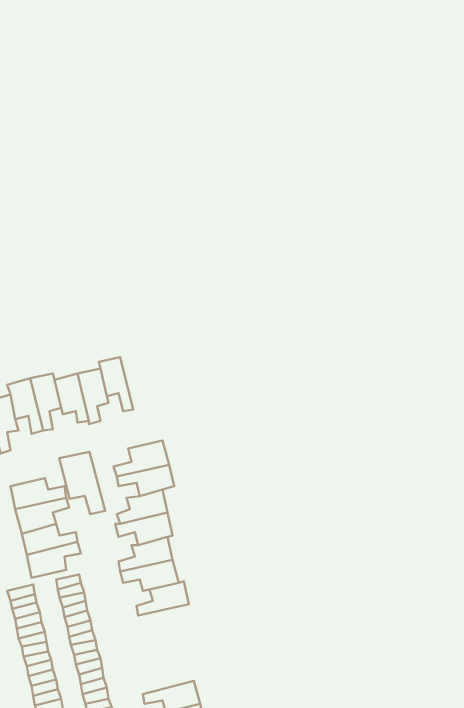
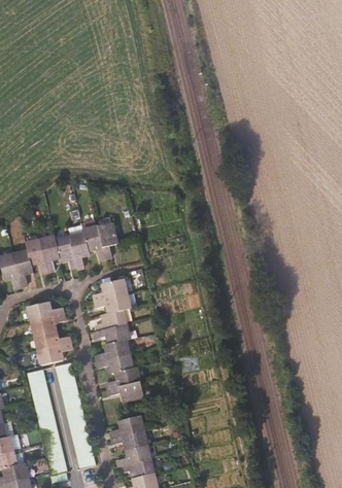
building: none -> [97,222,117,258]
building: [59,452,105,514] -> none
building: none -> [108,381,144,402]
building: none -> [109,415,143,438]

